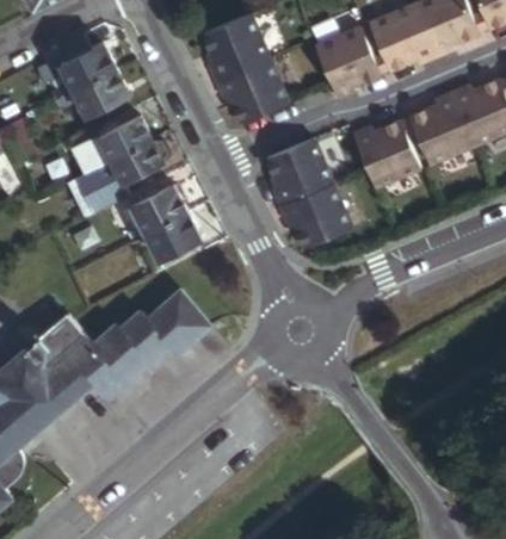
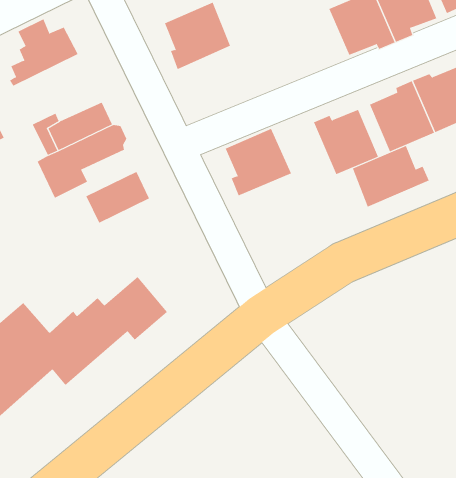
building: [315,26,378,98] -> none
building: [217,58,290,124] -> none
building: [53,67,131,116] -> none
building: none -> [352,145,430,207]
building: [278,186,350,248] -> none
building: [138,211,202,258] -> none

